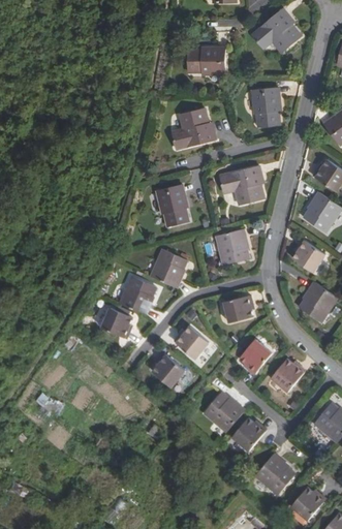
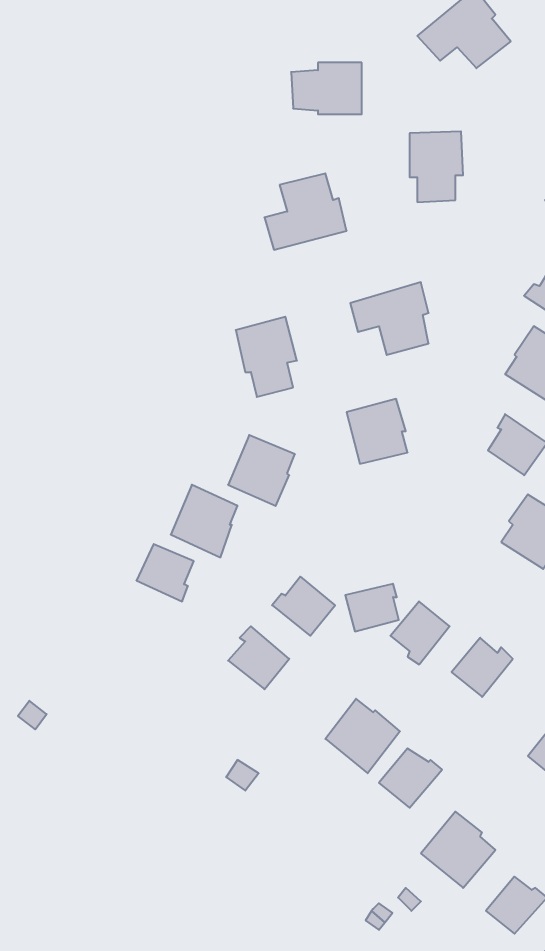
building: [223,295,252,321] -> [345,584,399,631]

